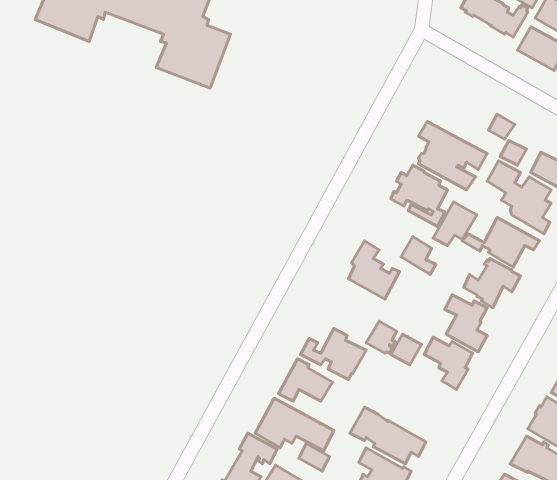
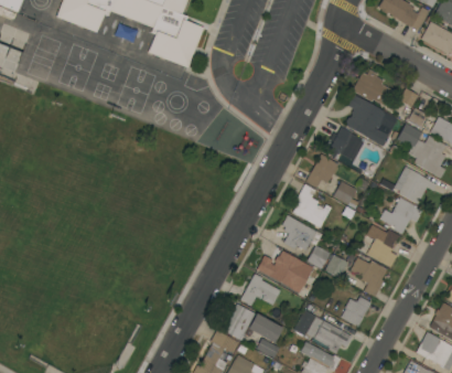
building: none -> [352,70,392,108]
building: [433,202,477,245] -> [305,154,338,188]
building: none -> [282,215,316,251]
building: none -> [341,297,372,327]

